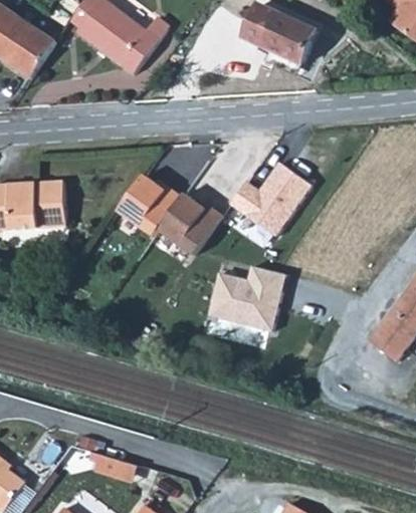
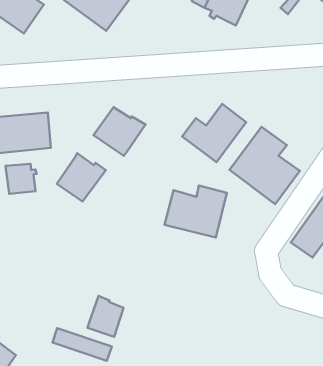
building: [162,188,223,248] -> [57,153,106,201]
building: none -> [229,127,300,204]
building: none -> [6,164,37,194]
building: none -> [88,296,124,337]

